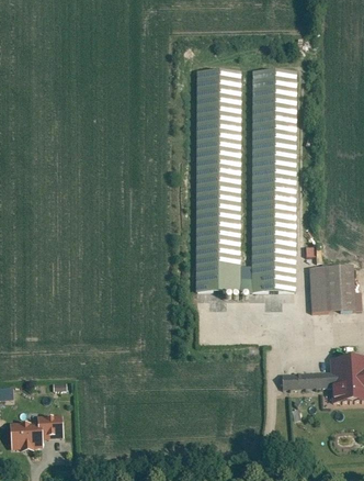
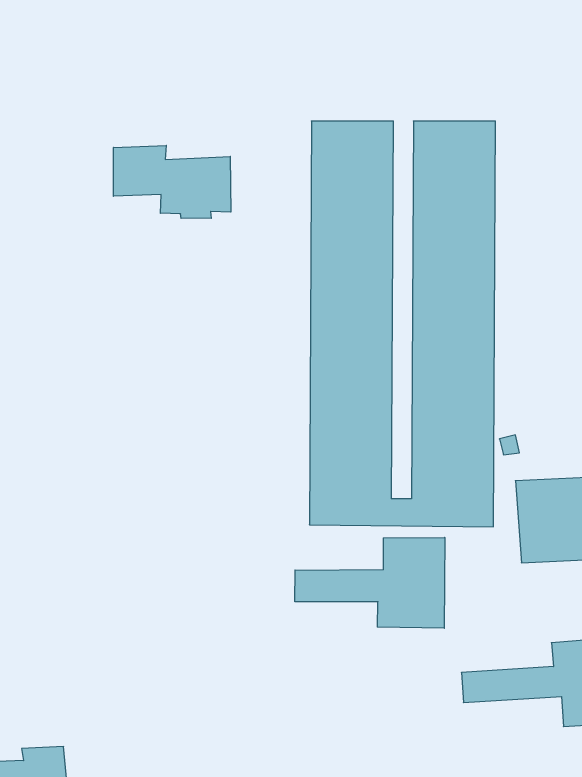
building: none -> [113,145,231,218]
building: none -> [295,537,445,628]

